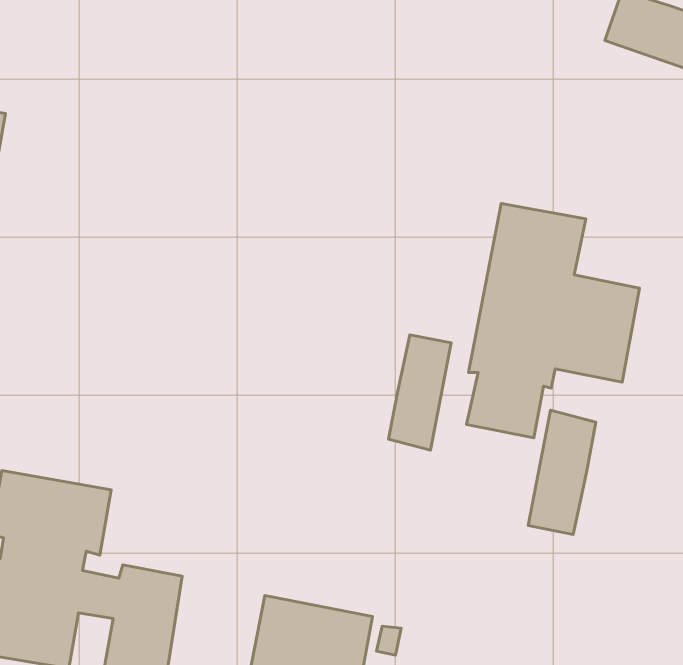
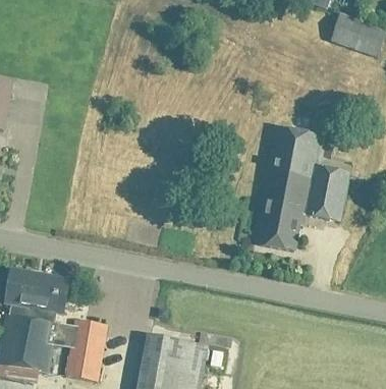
building: [389,335,451,450] -> none
building: [528,410,596,534] -> none

